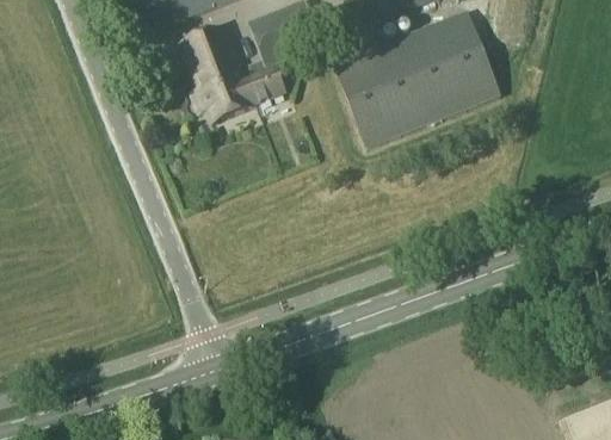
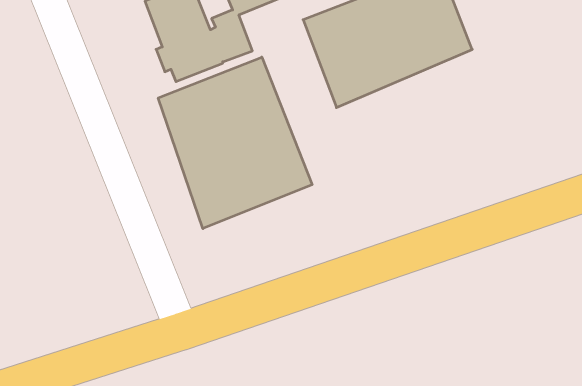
building: none -> [158,57,312,229]

